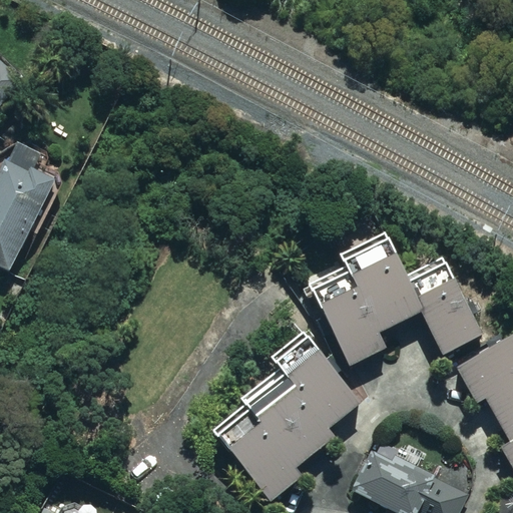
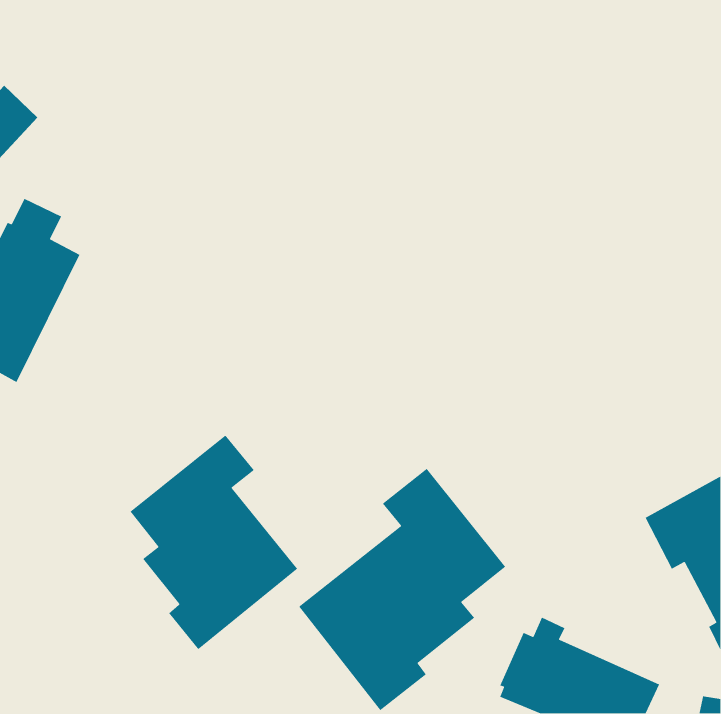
building: [308,228,485,367] -> none
building: none -> [130,435,298,650]

